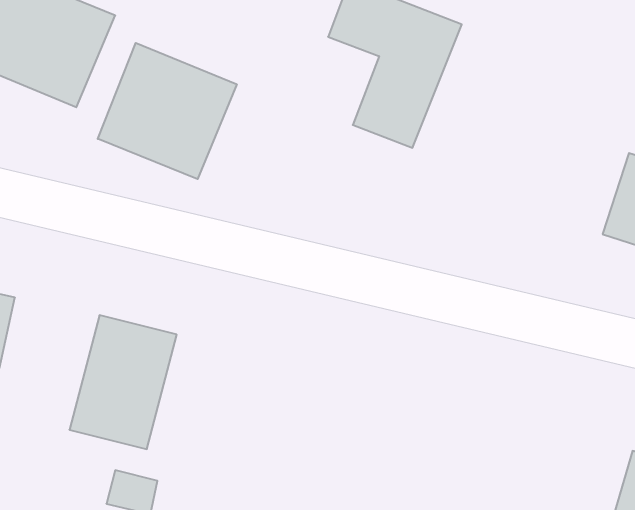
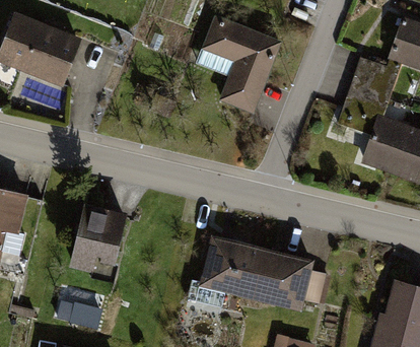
building: [98,43,237,179] -> none
building: none -> [202,247,314,316]

